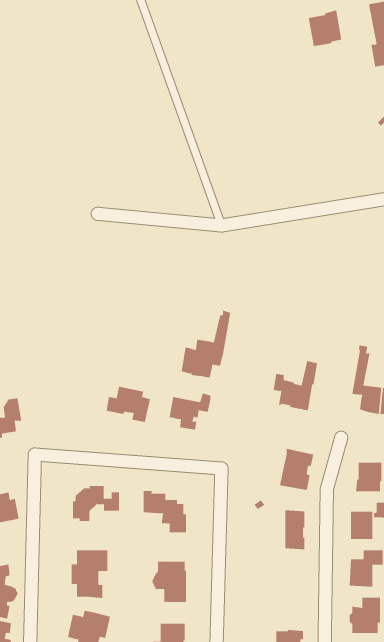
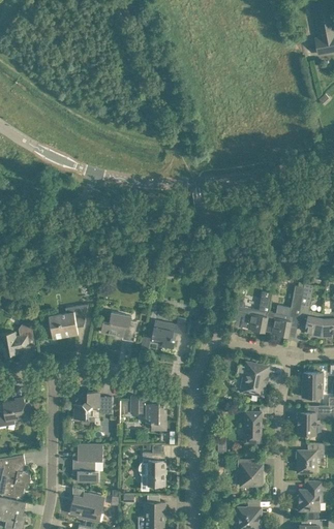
building: [308,9,342,47] -> none
building: [181,310,231,379] -> [264,281,304,337]
building: none -> [48,304,87,339]
building: none -> [237,459,260,486]

